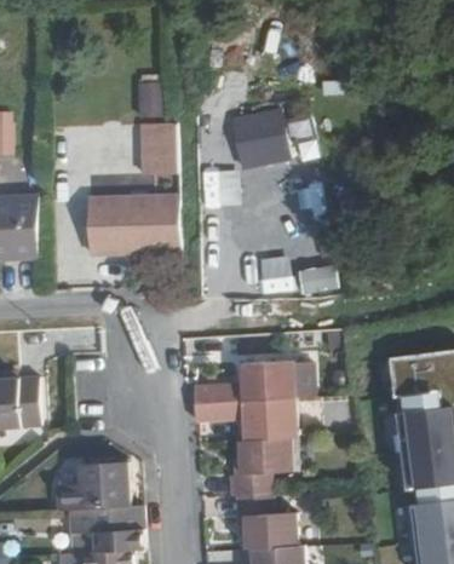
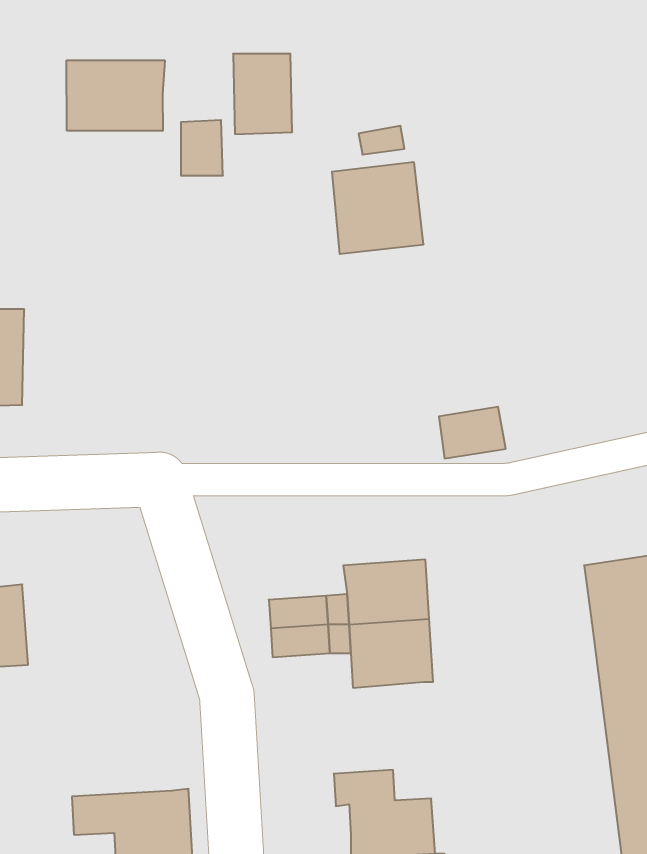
building: none -> [67,60,165,131]
building: [139,123,177,174] -> [233,54,292,134]
building: [87,196,179,253] -> none
building: [232,437,293,495] -> none
building: [56,461,131,510] -> none

